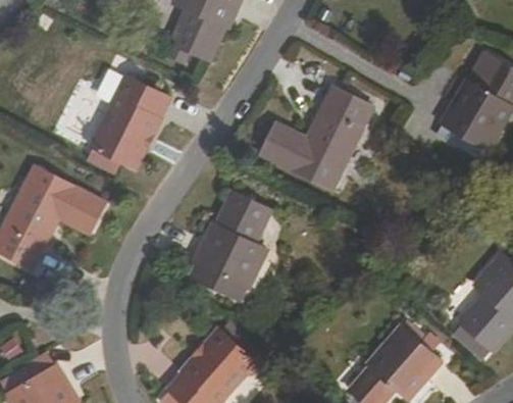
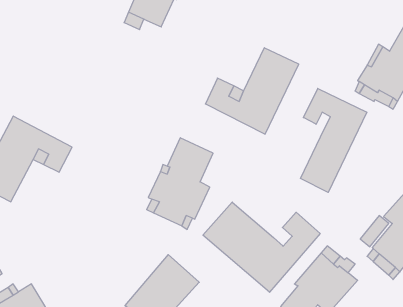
building: [93,78,170,168] -> none
building: none -> [301,88,367,192]
building: none -> [203,202,320,292]

